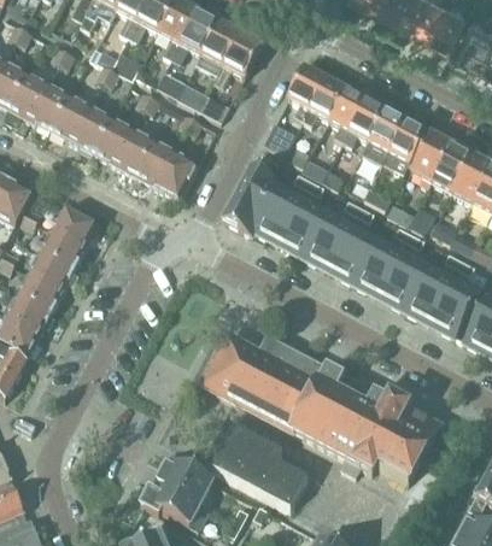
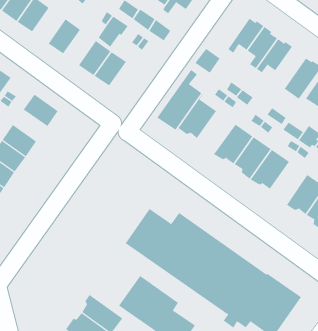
building: [287,64,326,119] -> none
building: [51,95,90,141] -> none
building: [368,106,404,171] -> none
building: [94,118,133,164] -> none
building: [158,152,198,198] -> none
building: [279,200,324,256] -> none
building: [40,229,86,268] -> none
building: [380,253,424,309] -> none

